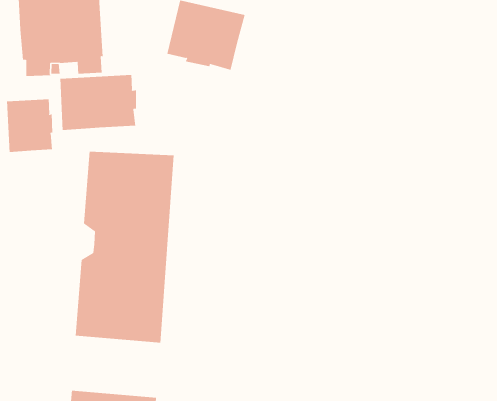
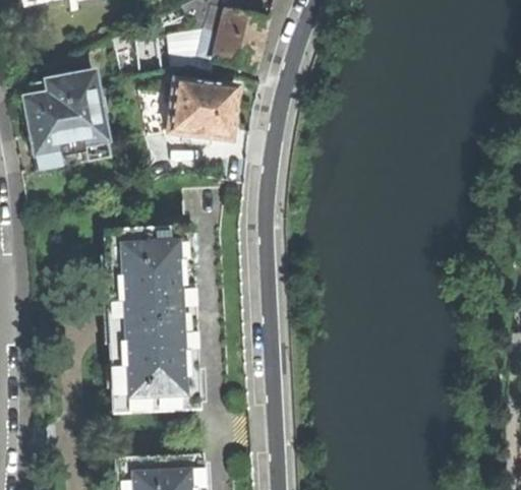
building: [60,74,137,131] -> none
building: [6,98,53,153] -> none

